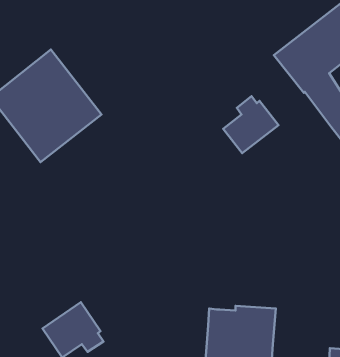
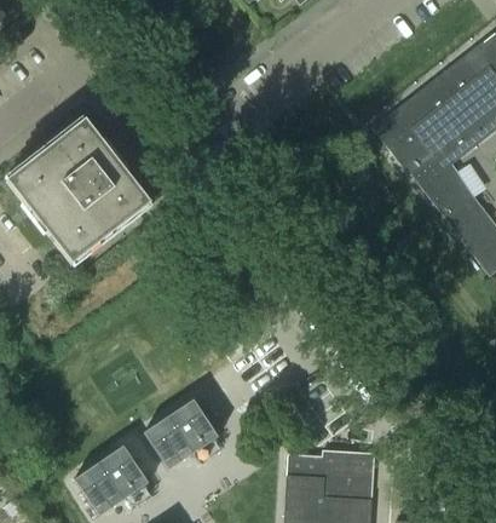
building: [223,96,278,153] -> none
building: none -> [144,400,221,471]

